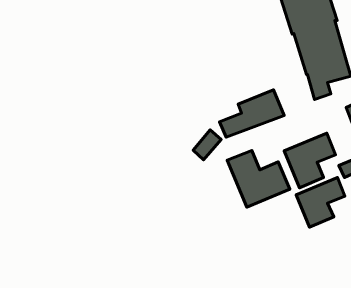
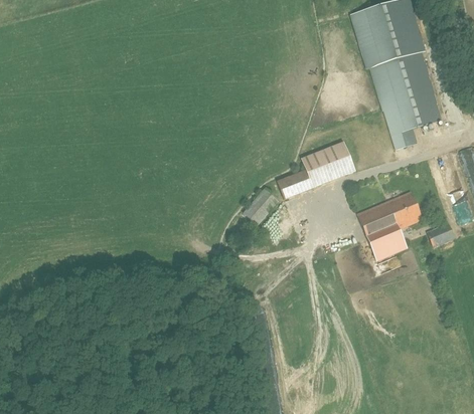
building: [227,150,290,207] -> none
building: [296,178,345,227] -> none

